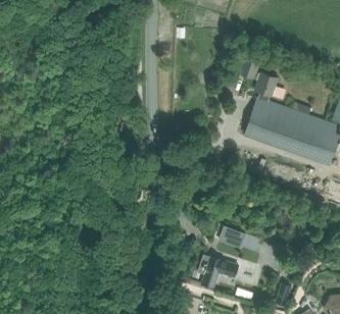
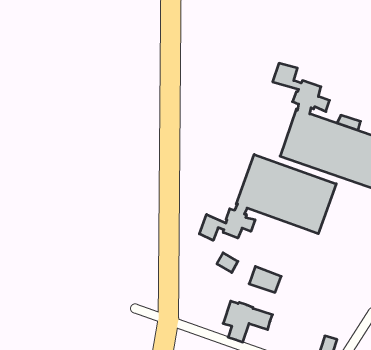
building: none -> [199,154,336,240]

